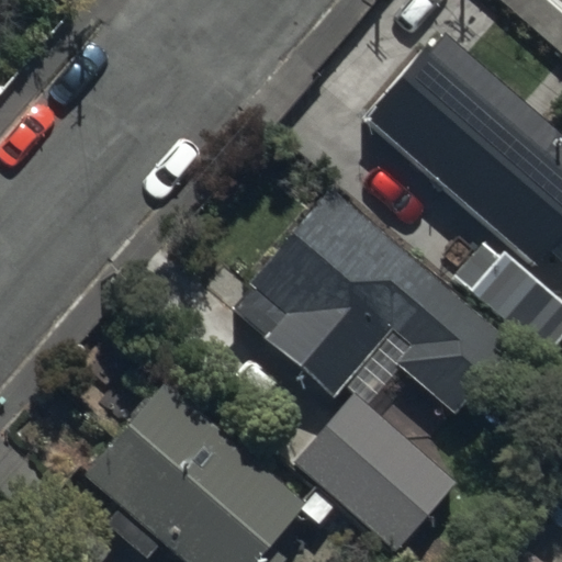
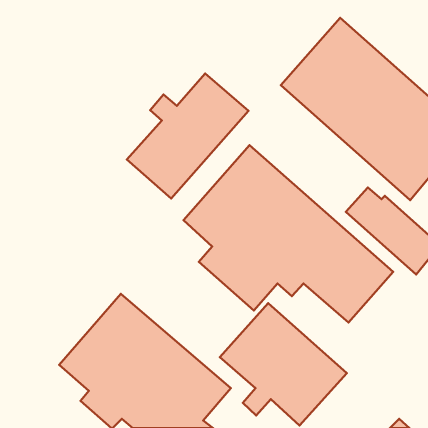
building: none -> [127,73,249,199]

